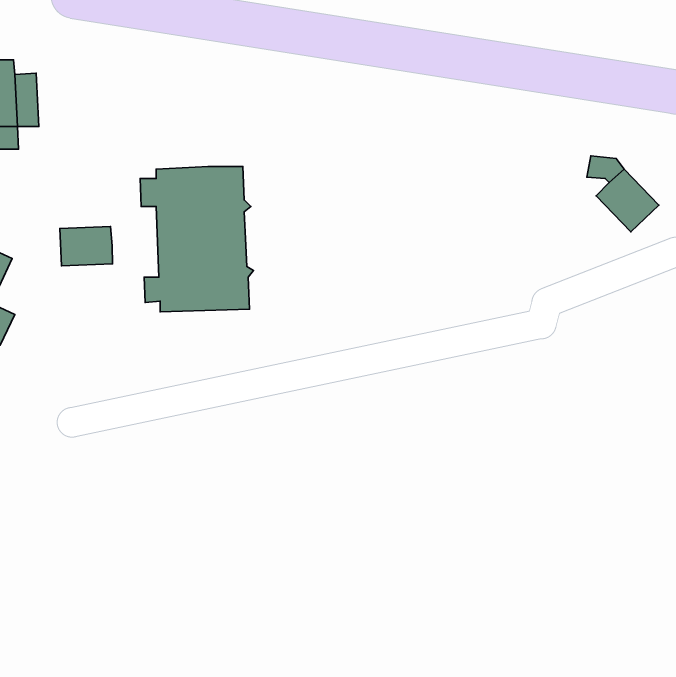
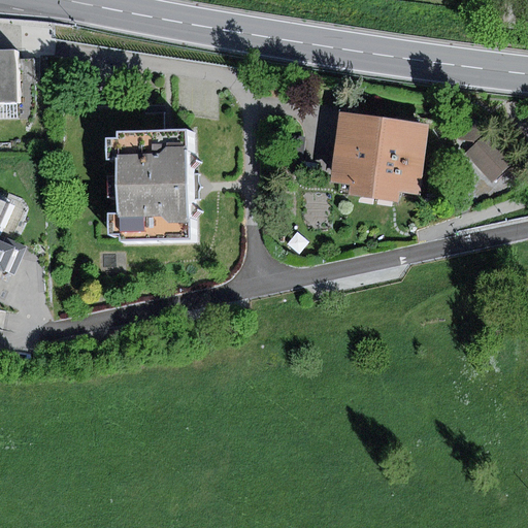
building: none -> [327,111,425,201]
building: [60,227,112,266] -> none

